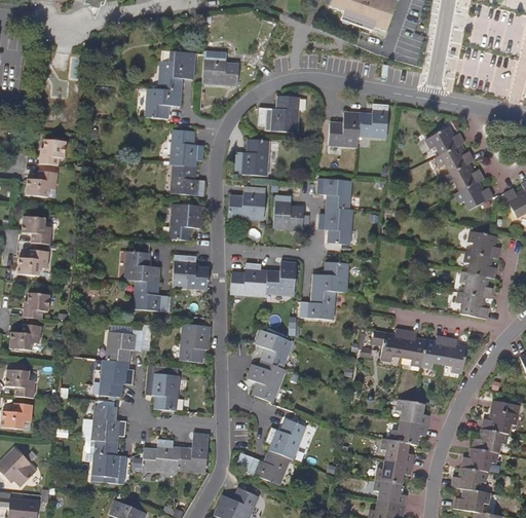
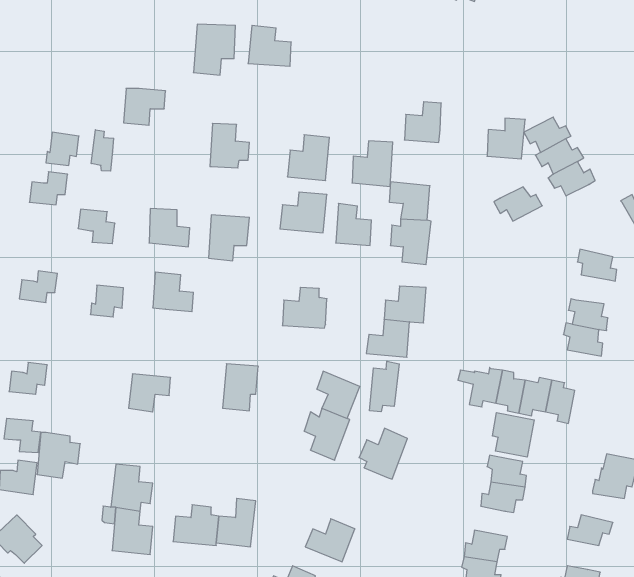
building: [146,89,180,119] -> [124,88,166,125]
building: [265,96,298,133] -> [352,141,393,187]
building: [358,105,388,138] -> [487,118,525,159]
building: none -> [91,130,114,171]
building: [172,165,204,196] -> [149,209,190,247]
building: [454,180,493,208] -> [494,187,542,221]
building: [22,216,51,244] -> [78,209,115,244]
building: [465,252,497,277] -> none
building: [173,255,208,288] -> none
building: [265,262,295,295] -> none
building: [134,281,166,310] -> none
building: [23,292,49,318] -> [90,285,123,317]
building: none -> [370,361,399,412]
building: [99,361,134,398] -> [37,432,80,478]
building: none -> [492,413,534,457]
building: [145,372,179,411] -> none
building: [265,418,304,459] -> [359,428,407,479]
building: [472,430,506,453] -> none
building: [382,440,414,465] -> none
building: [451,468,486,491] -> none

